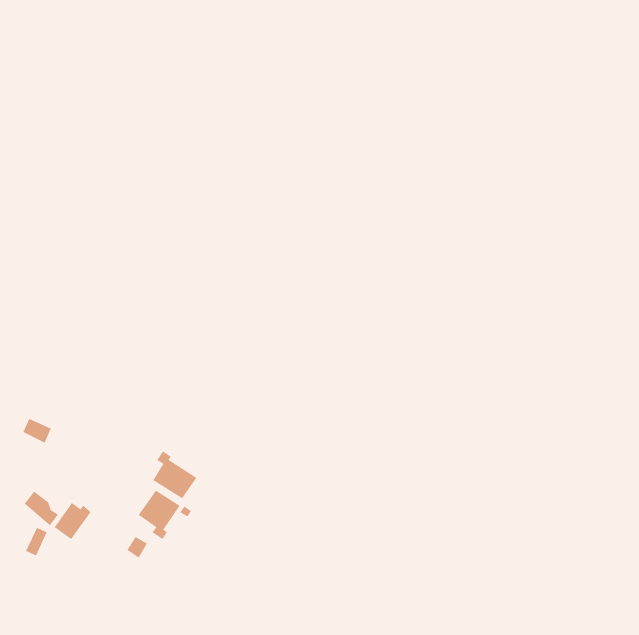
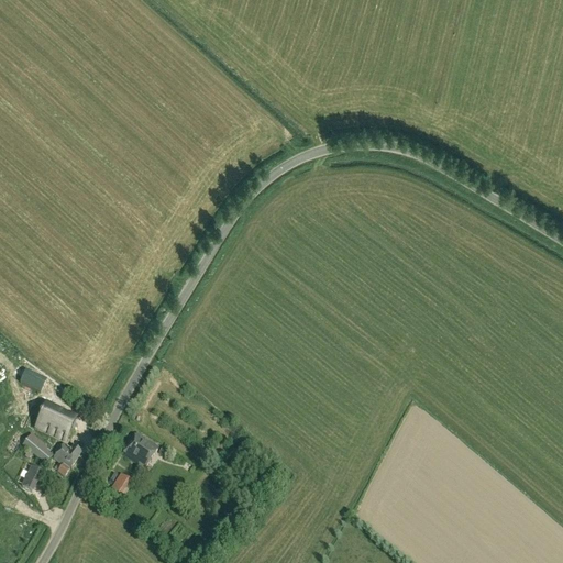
building: [153,450,197,499] -> none
building: none -> [34,401,75,439]

